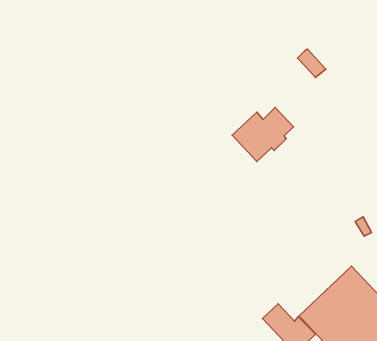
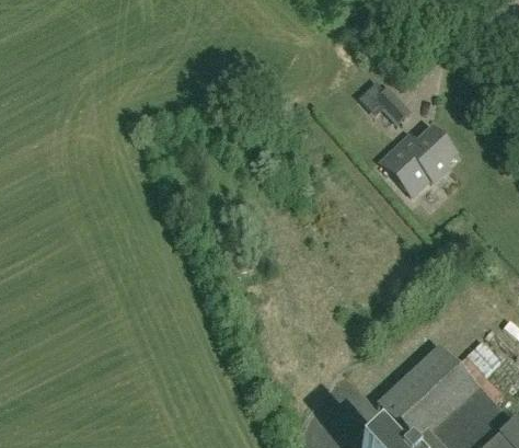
building: [232,108,293,162] -> [382,128,455,193]

